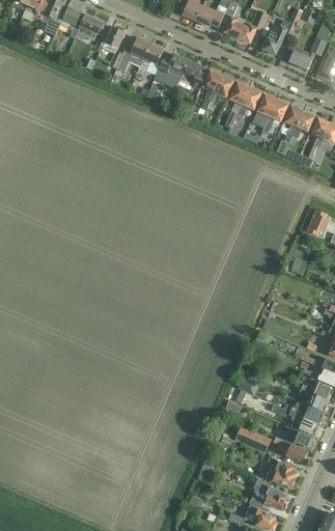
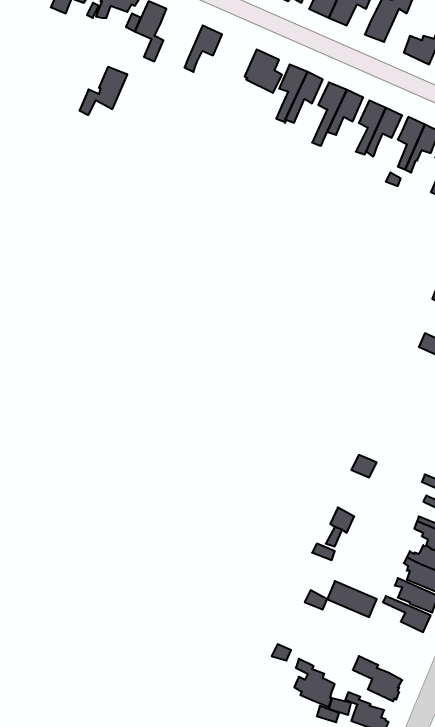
building: [116,37,149,71] -> [79,67,127,115]
building: [158,54,187,78] -> none
building: [269,454,297,487] -> [294,659,335,707]

